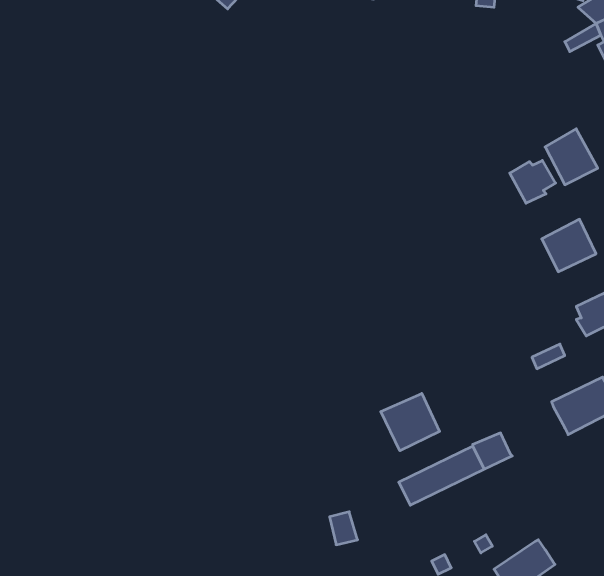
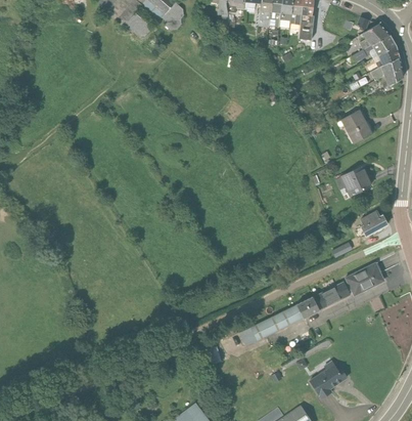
building: [510,160,556,203] -> none
building: [381,393,440,451] -> none
building: none -> [312,282,350,310]

